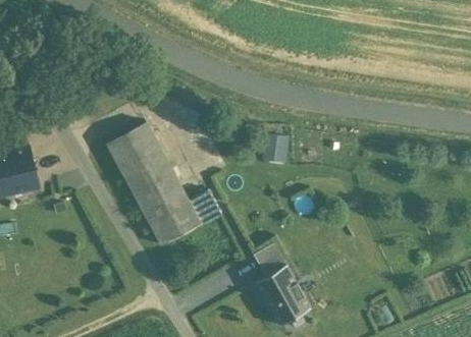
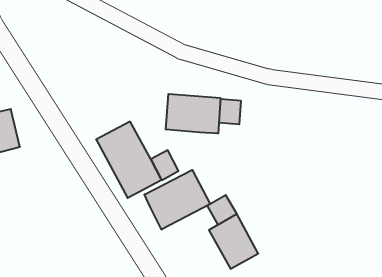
building: [107,122,165,179] -> none
building: none -> [166,94,220,134]
building: none -> [144,170,210,230]

